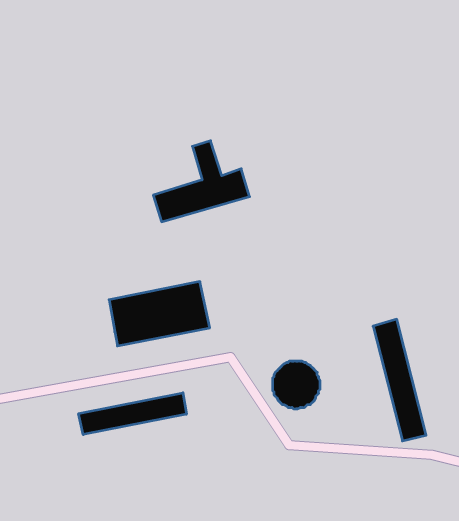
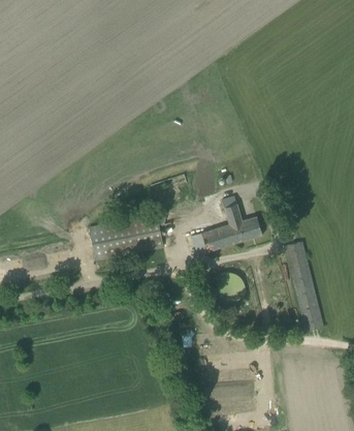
building: [153,141,250,222] -> [191,194,262,254]
building: [79,393,186,435] -> none

